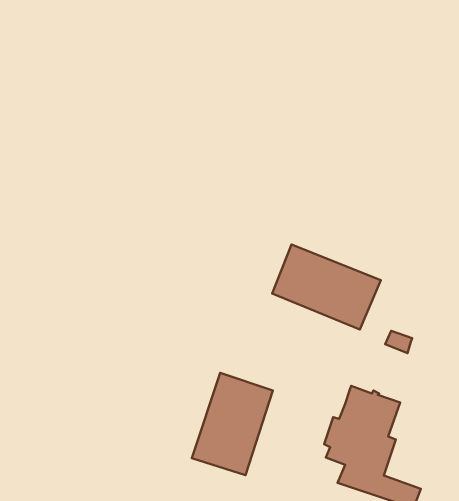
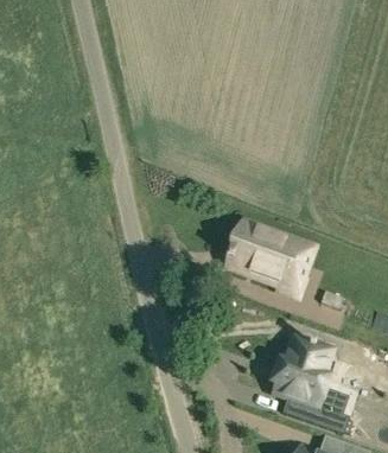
building: [192,373,273,475] -> none

